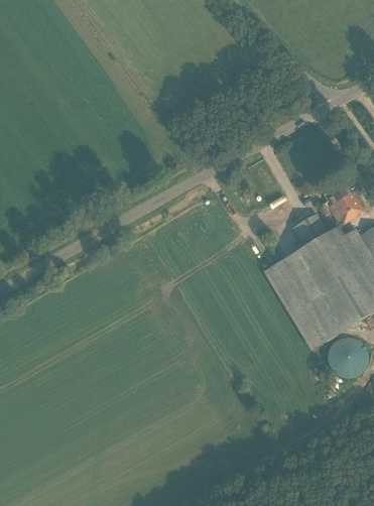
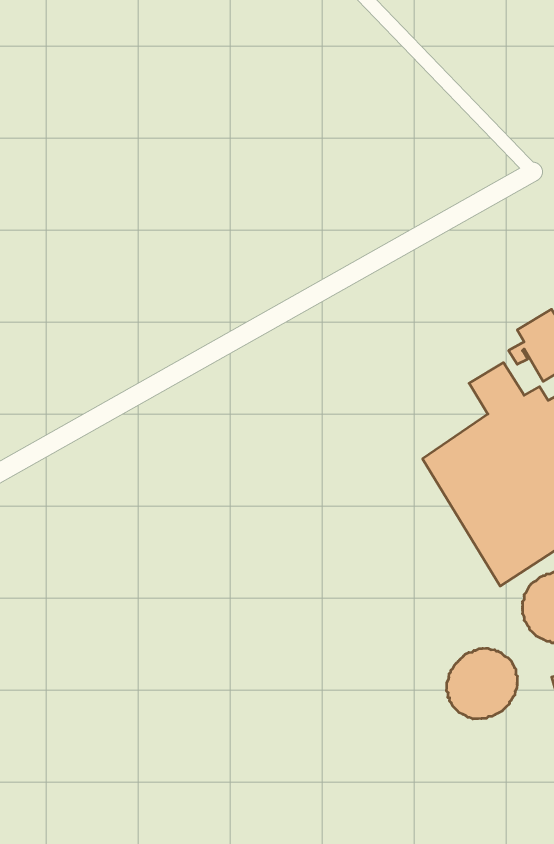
building: none -> [447,648,517,719]

